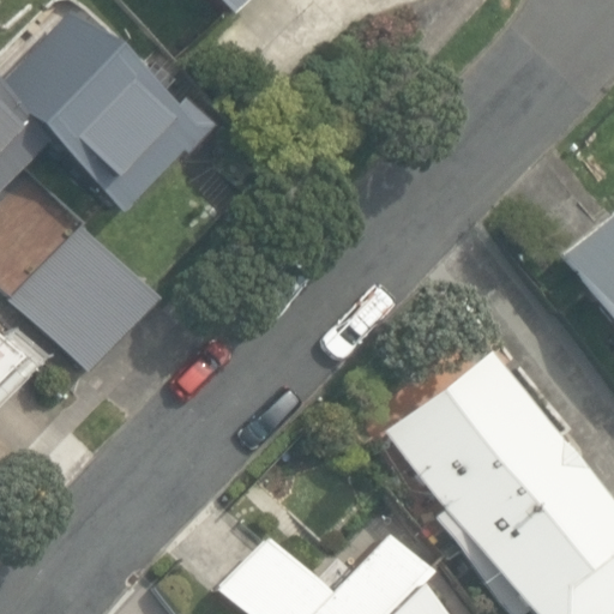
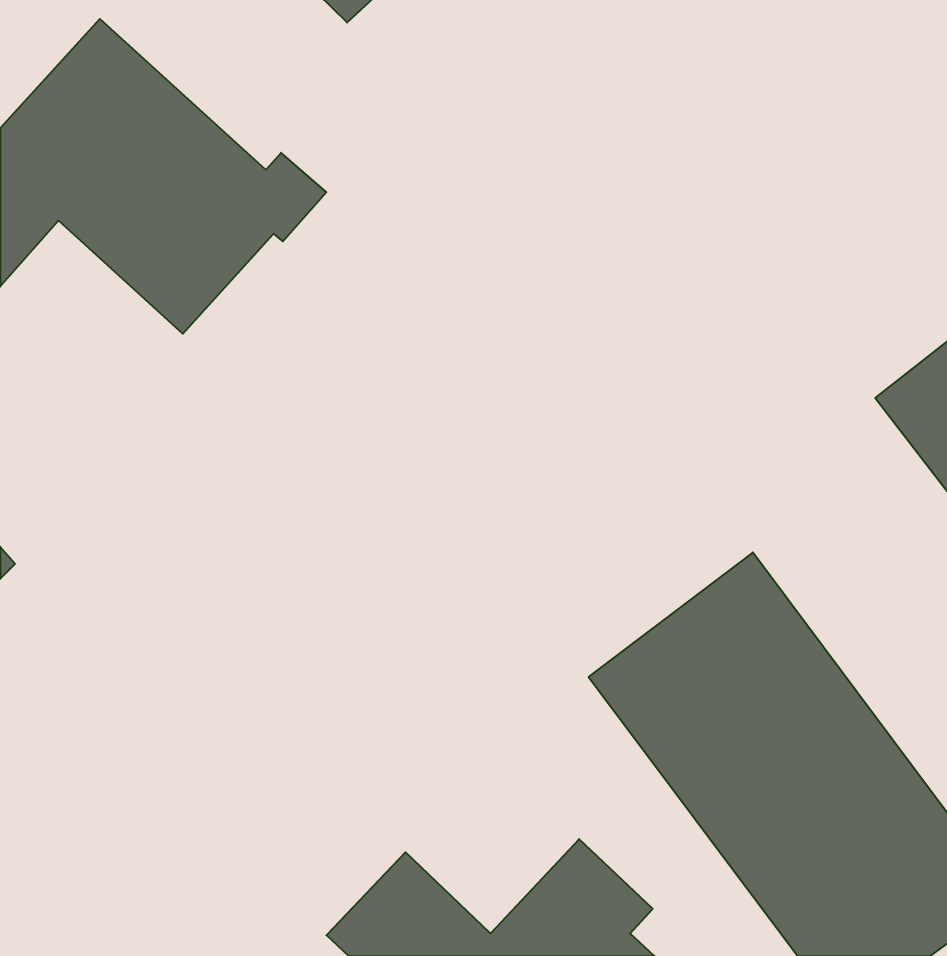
building: [19,222,164,368] -> none

